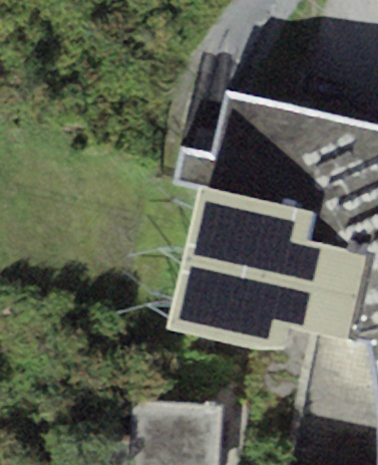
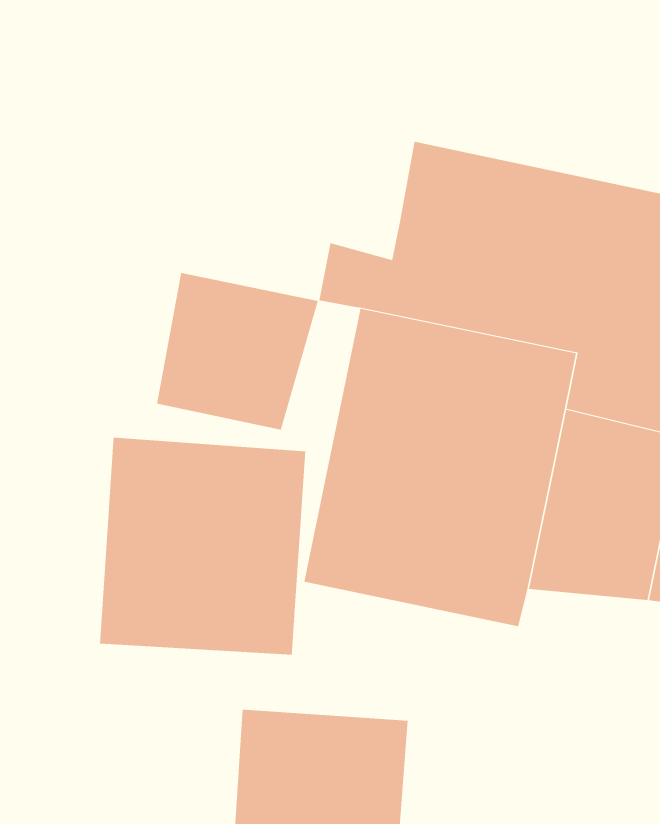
building: none -> [156,272,318,430]
building: none -> [99,437,306,656]

